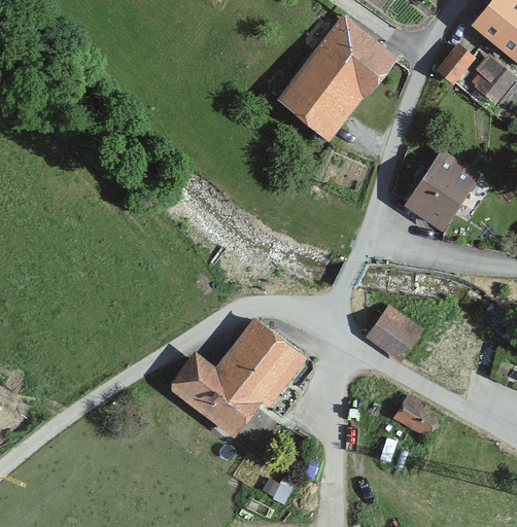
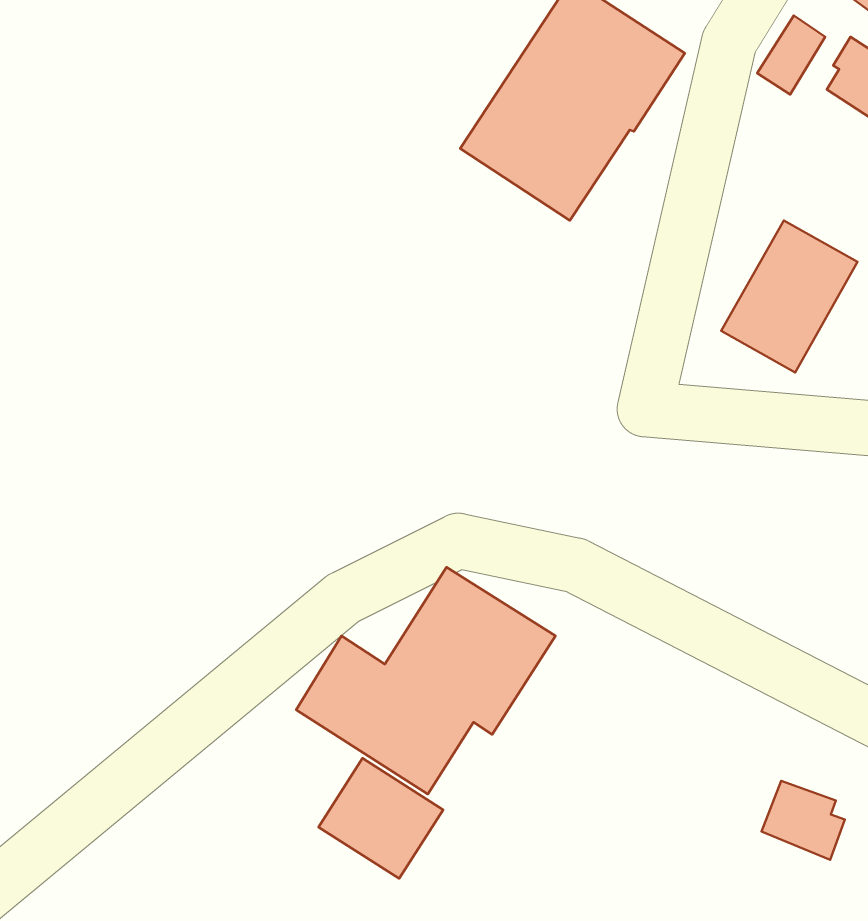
building: [368,307,422,359] -> none
building: [393,394,438,437] -> [761,781,845,860]
building: none -> [319,758,443,879]

